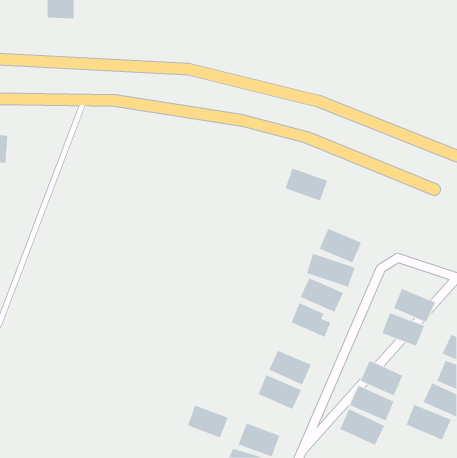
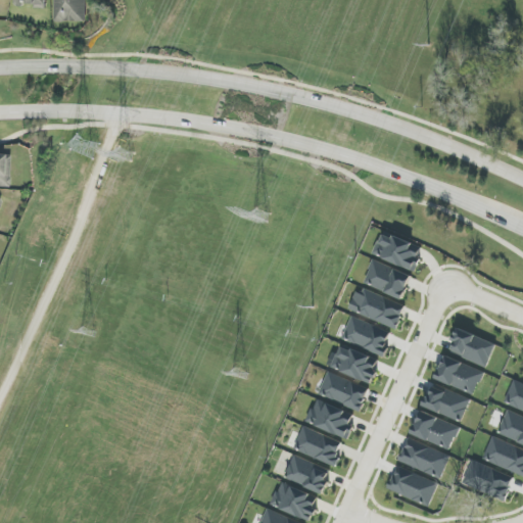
building: [285,168,328,201] -> [373,232,422,270]
building: none -> [318,372,369,411]
building: none -> [422,383,470,422]
building: [187,405,229,438] -> [284,455,331,492]

